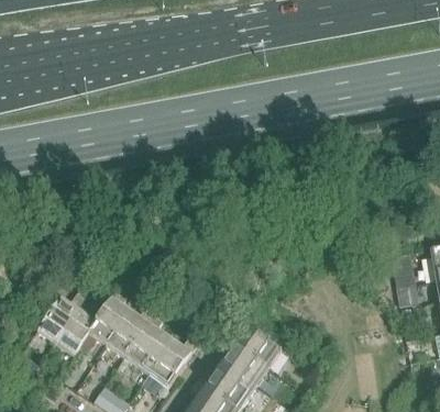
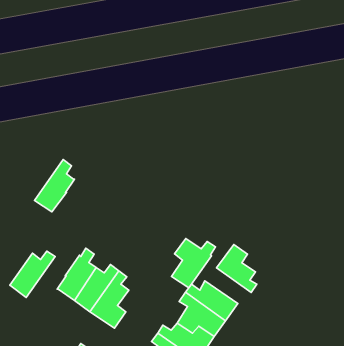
building: none -> [217,244,257,292]
building: [55,298,98,354] -> [35,160,75,212]
building: [150,334,197,387] -> [171,239,216,288]

